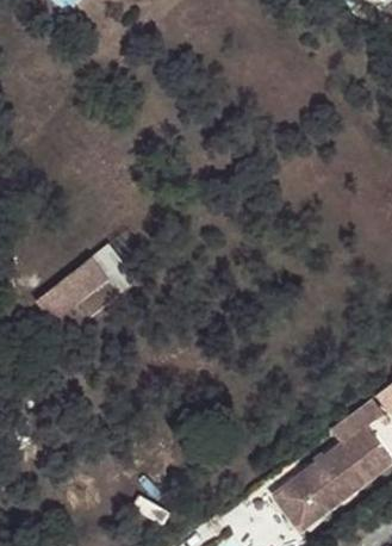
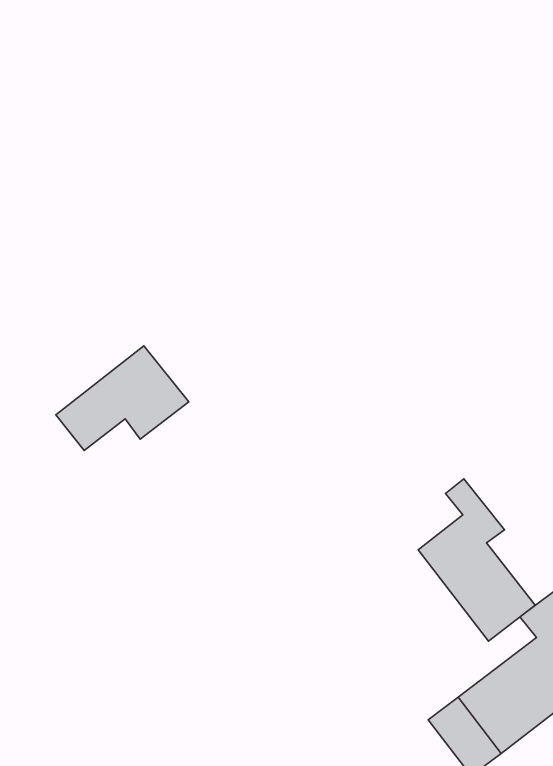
building: none -> [418,479,535,641]

